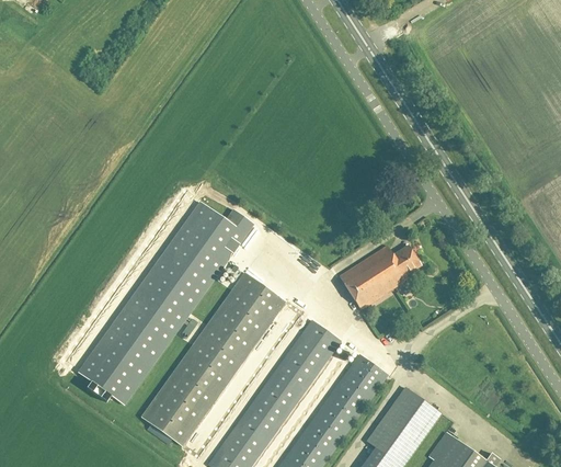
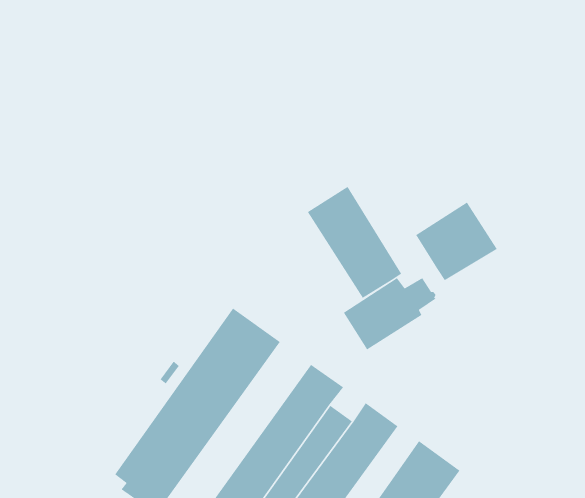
building: none -> [307,186,402,299]
building: none -> [415,201,498,281]
building: [78,202,252,405] -> none

